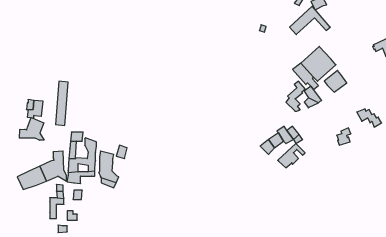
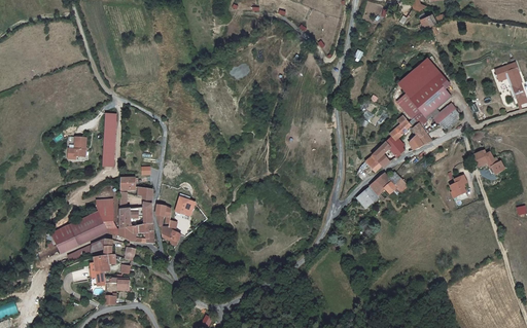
building: [290,6,330,35] -> [397,59,448,94]
building: [19,118,44,140] -> none
building: [278,144,305,168] -> [364,142,398,172]

